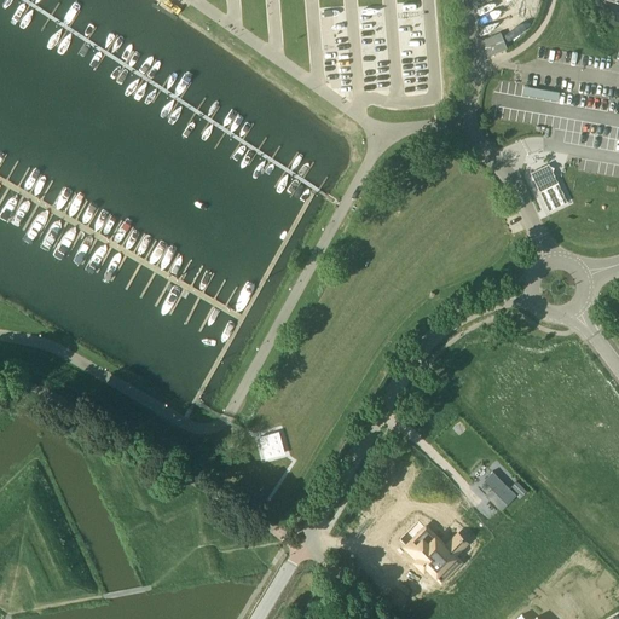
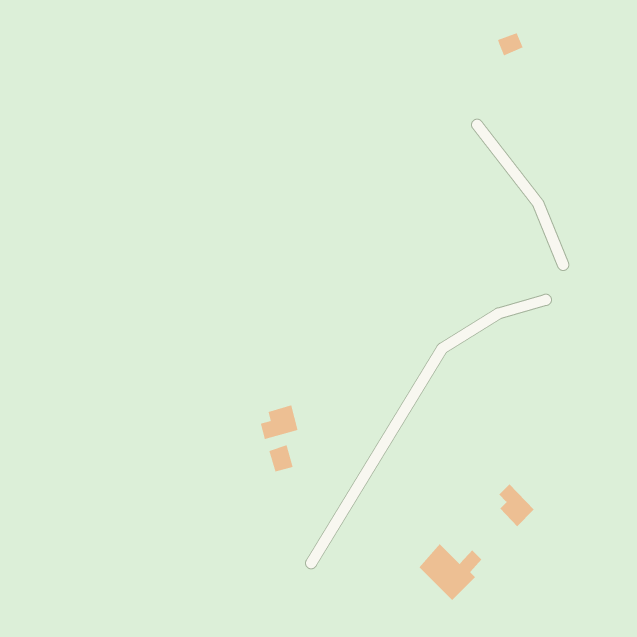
building: [532,163,567,209] -> none
building: none -> [260,404,298,440]

